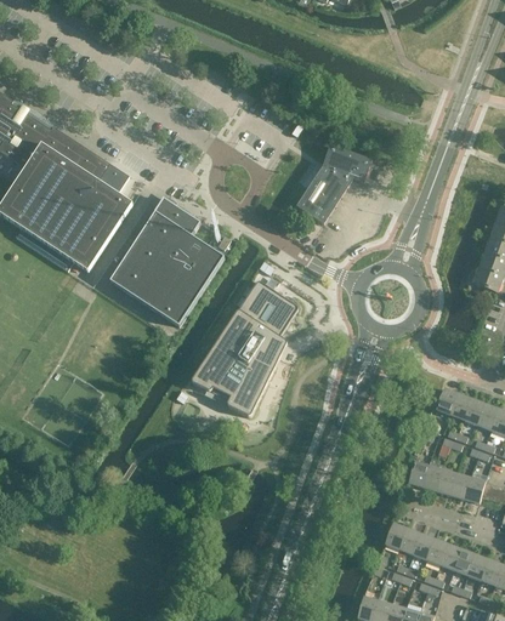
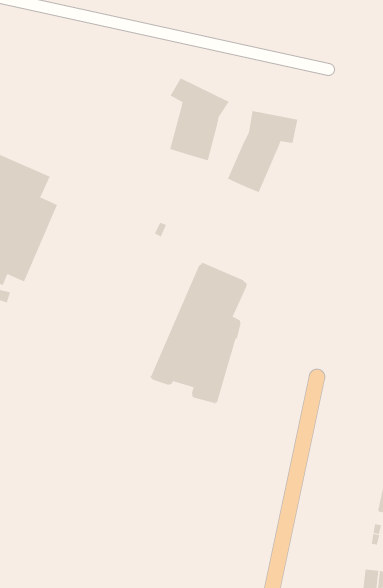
building: none -> [170,77,230,161]
building: [109,198,223,325] -> none

